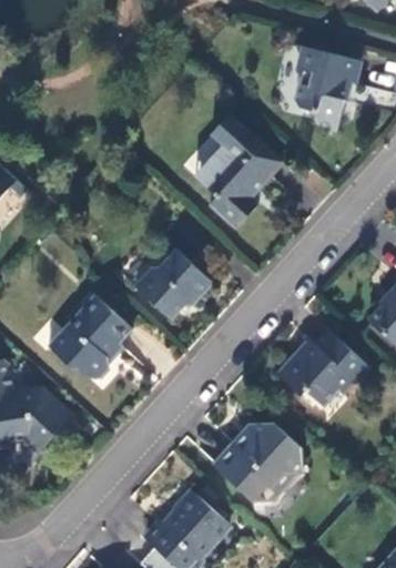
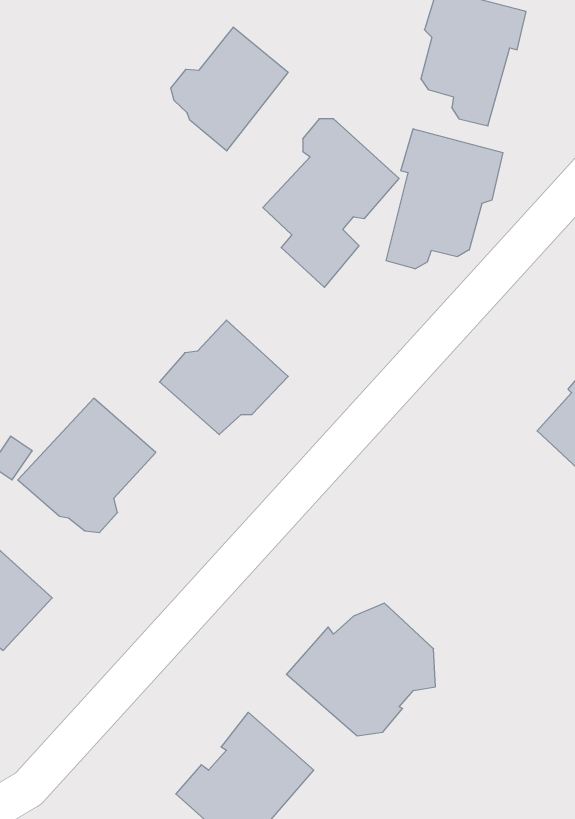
building: none -> [171,27,288,151]
building: none -> [386,129,503,269]
building: [281,331,370,405] -> none

